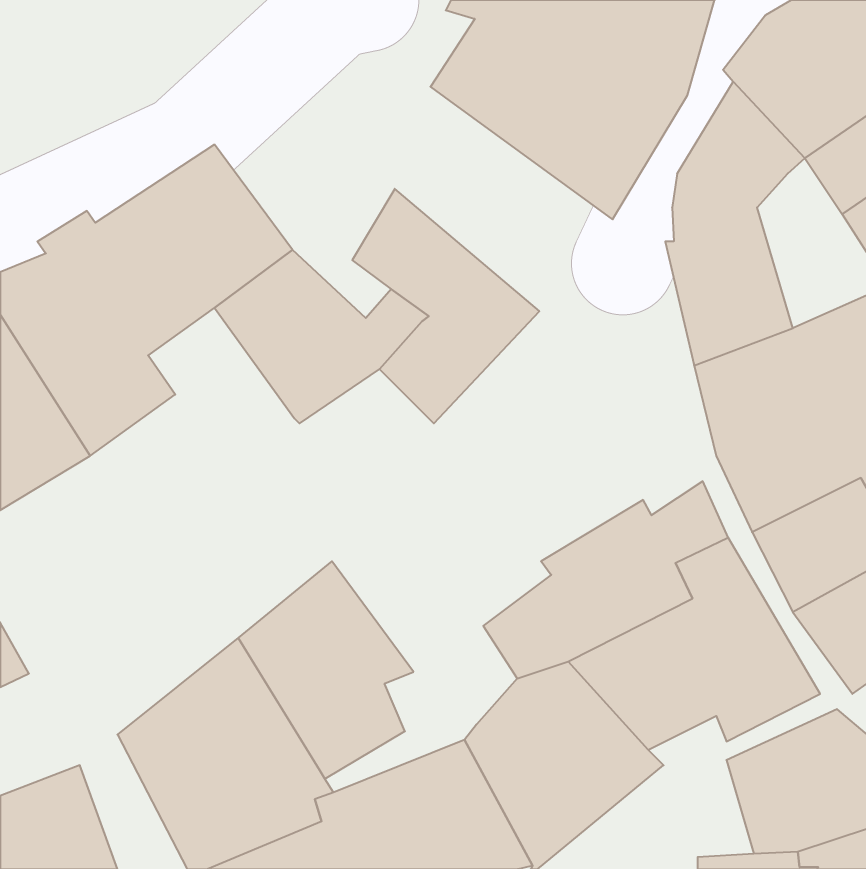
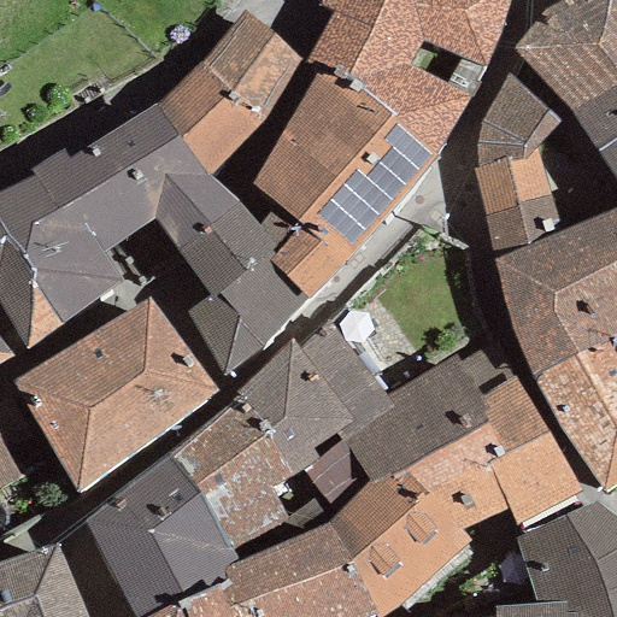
building: none -> [154,11,302,177]
building: none -> [282,71,436,221]
building: none -> [187,262,310,377]
building: none -> [14,300,218,496]
building: none -> [236,322,393,513]

